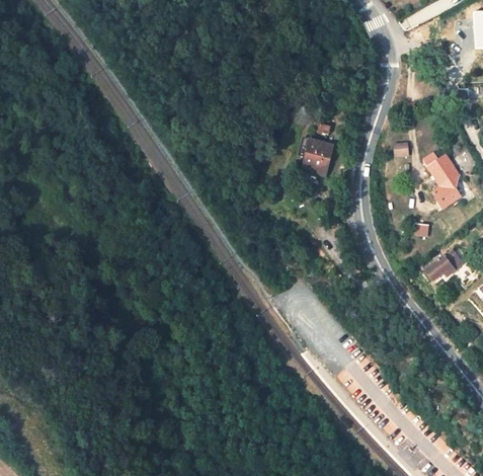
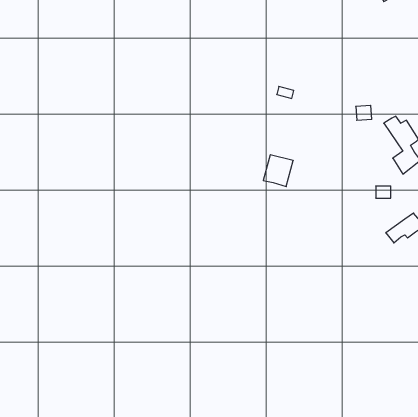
building: [303,140,333,172] -> [263,155,293,187]

